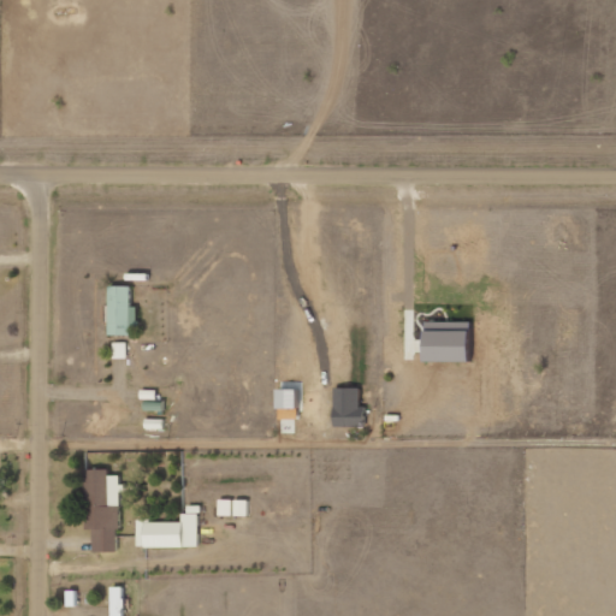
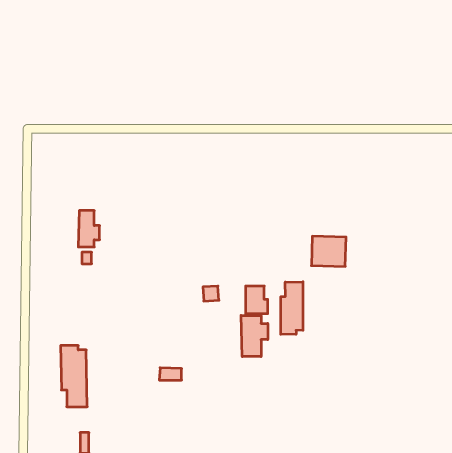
building: none -> [281,282,303,334]
building: none -> [241,315,268,357]
building: [134,513,196,546] -> none

